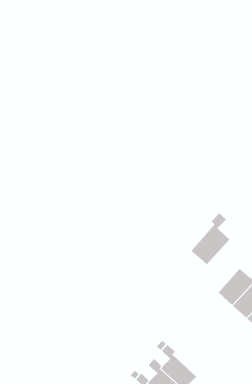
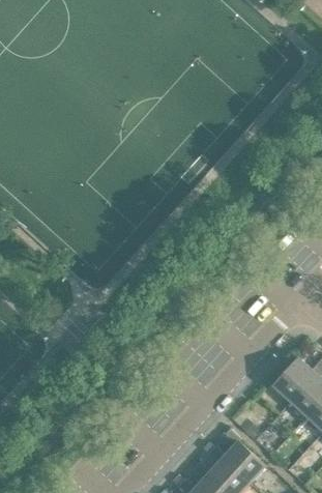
building: [191,212,230,265] -> none
building: none -> [222,429,265,483]

